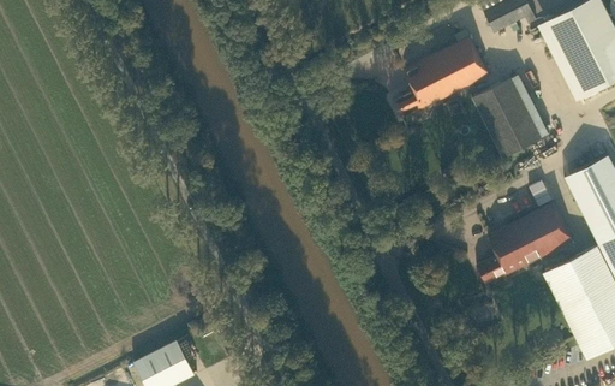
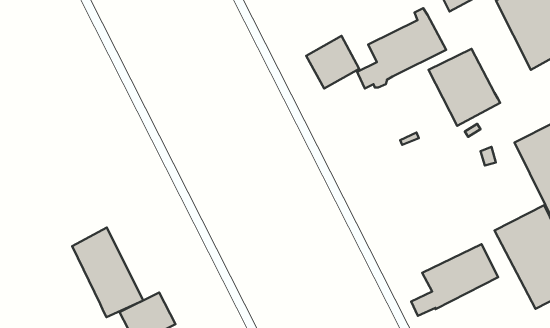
building: none -> [306,36,359,89]
building: [476,204,571,283] -> [411,244,498,316]
building: none -> [72,228,143,317]

